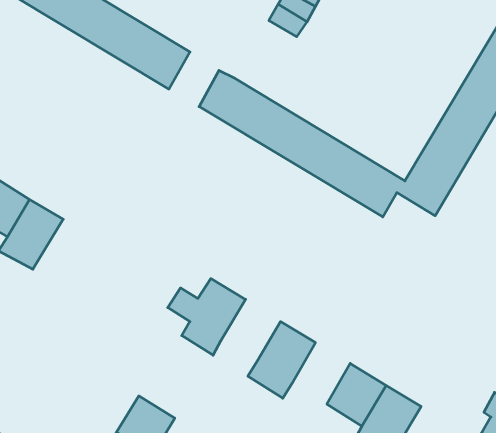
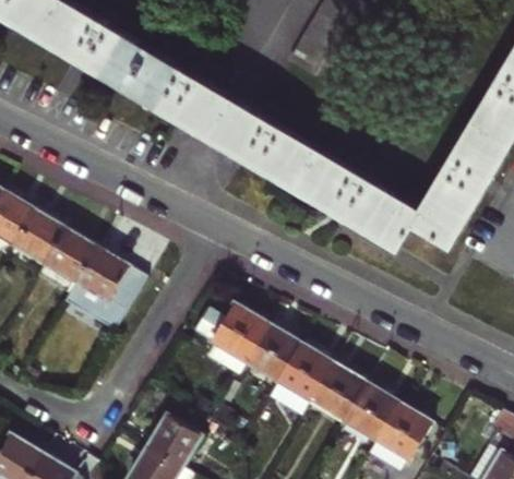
building: none -> [196,92,243,143]
building: none -> [69,249,130,315]
building: none -> [246,324,301,382]
building: none -> [312,364,367,422]

